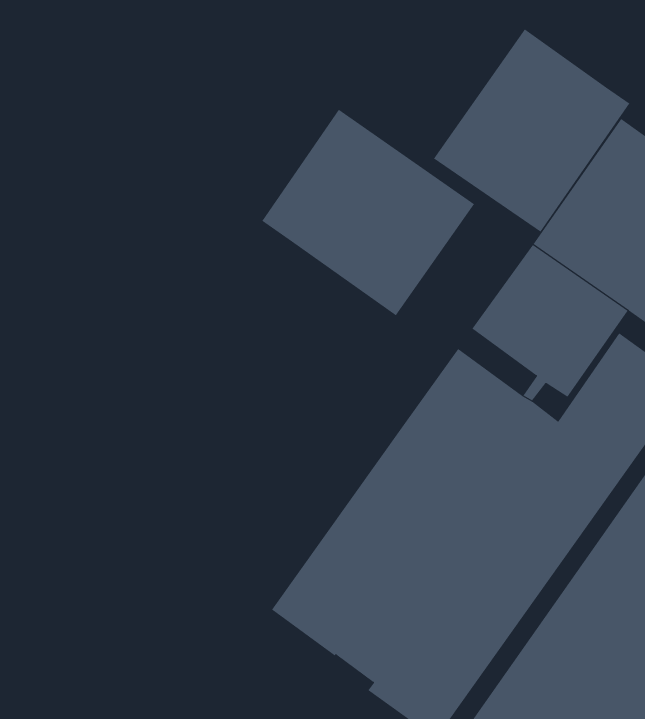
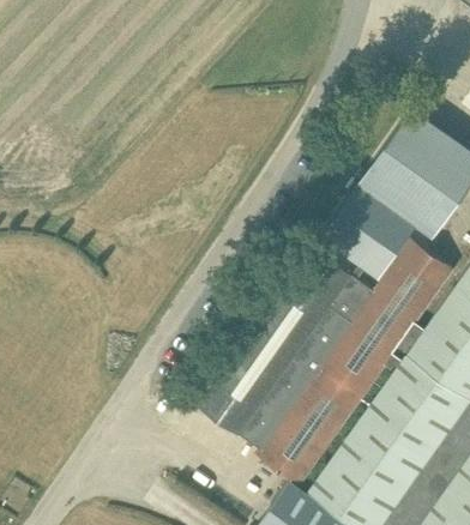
building: [433,28,630,233] -> none
building: [261,109,475,316] -> none

